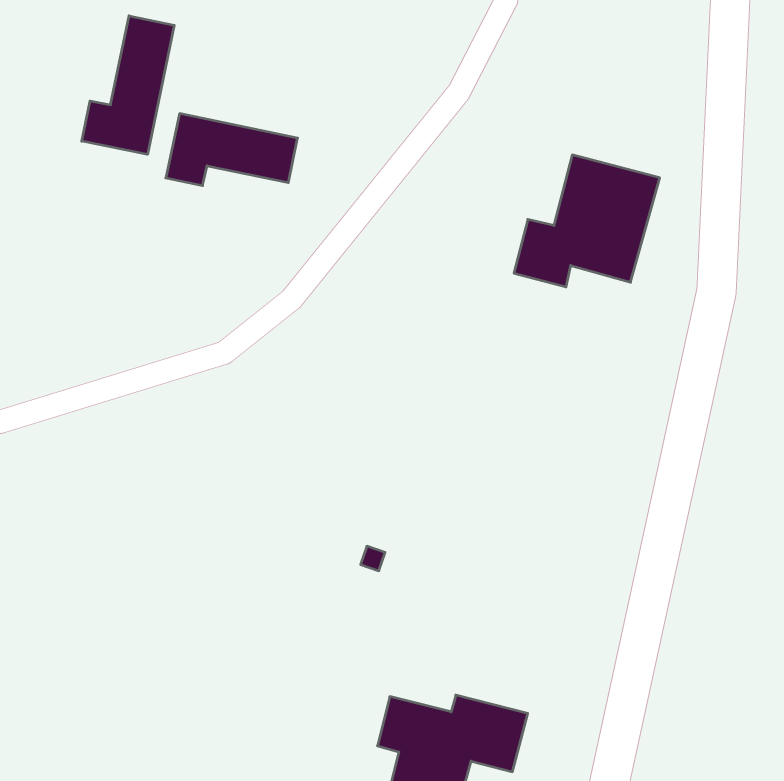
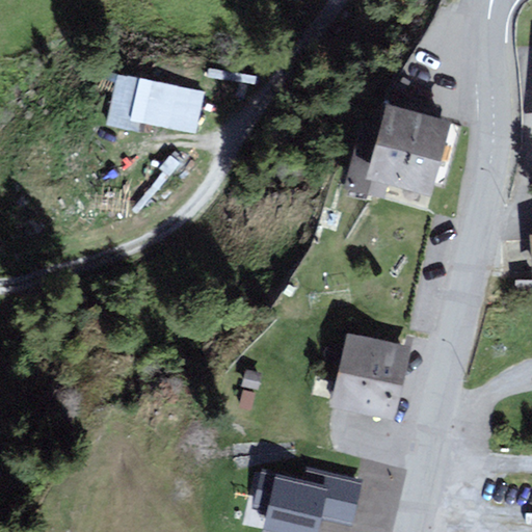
building: [82,16,174,154] -> none
building: none -> [334,334,409,415]

